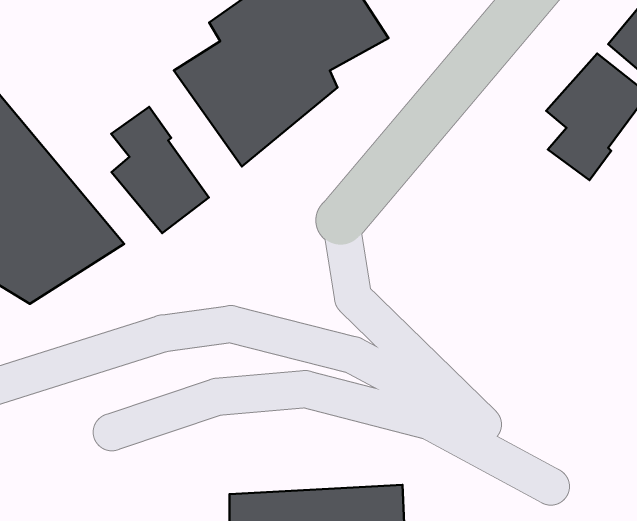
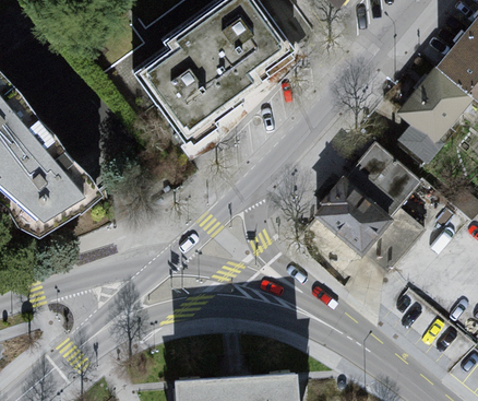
building: [111,107,209,233] -> none
building: none -> [315,137,427,267]

